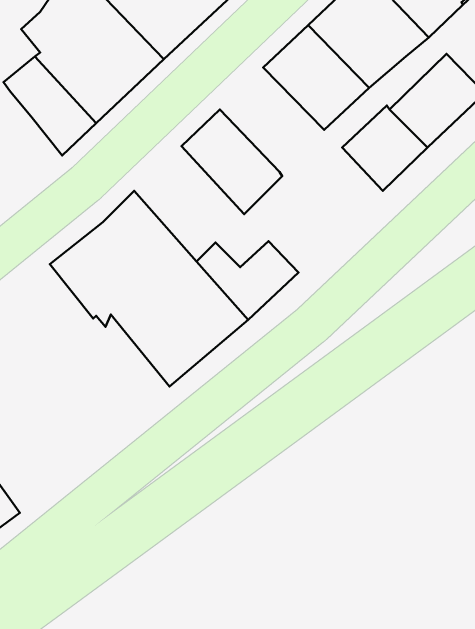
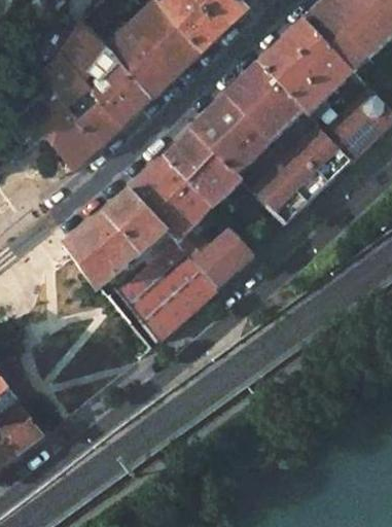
building: none -> [191,97,271,176]
building: none -> [127,156,210,244]
building: none -> [250,157,315,223]

